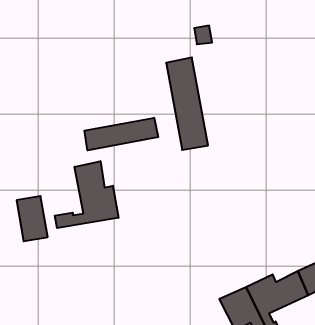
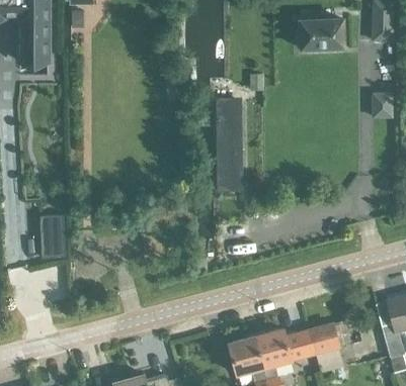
building: [84,118,158,150] -> none
building: [55,161,118,228] -> none

